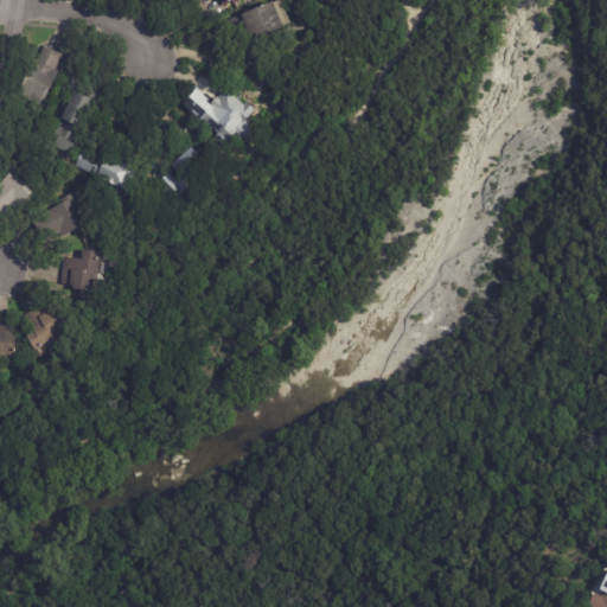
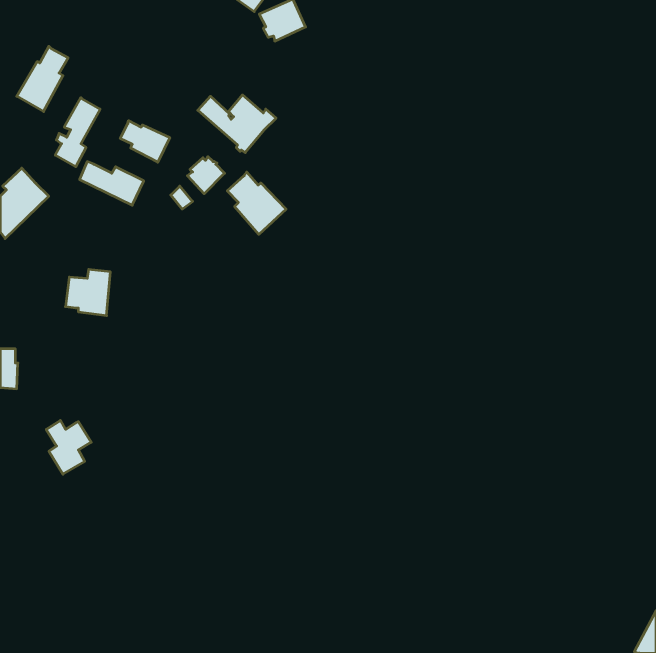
building: none -> [120,121,170,162]
building: none -> [227,172,286,234]
building: [31,191,91,243] -> none
building: [23,307,64,357] -> [46,420,91,474]

